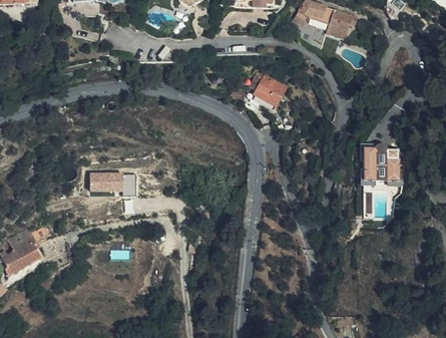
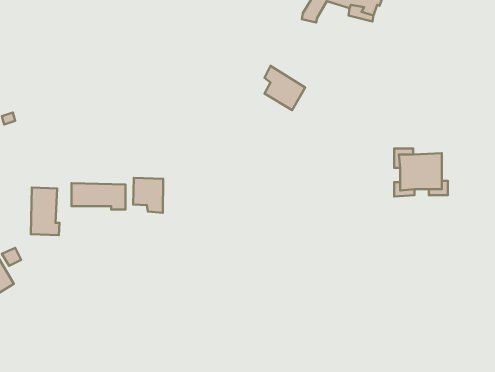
building: none -> [133,178,163,213]
building: none -> [31,187,59,235]

